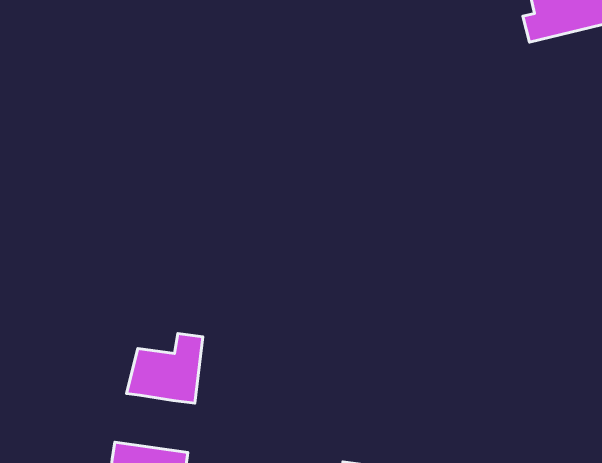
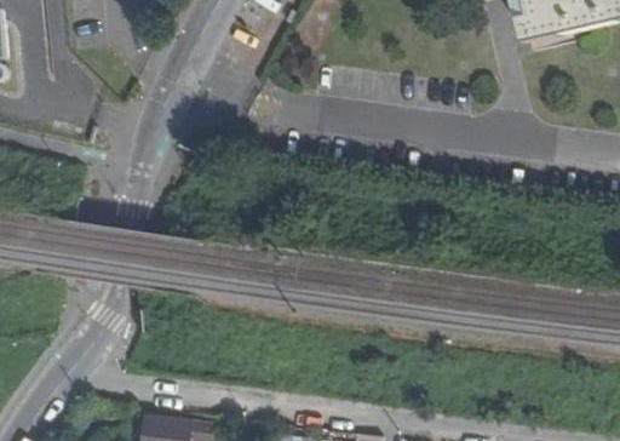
building: [126,333,203,403] -> none

